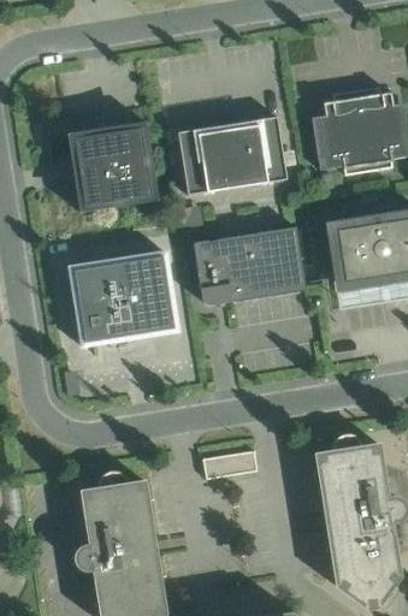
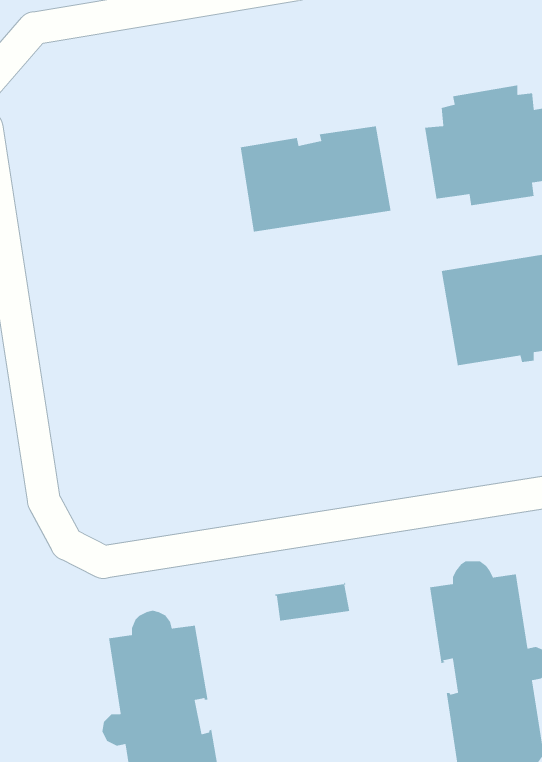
building: [67,120,158,213] -> none
building: [194,226,306,306] -> none
building: [69,251,178,346] -> none

